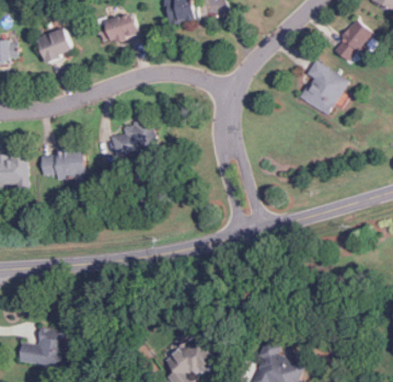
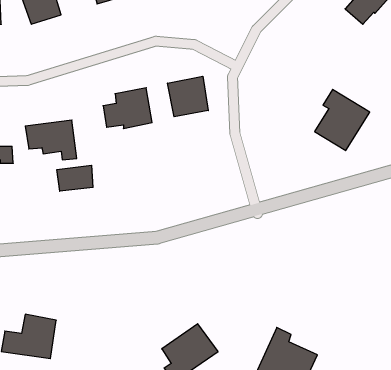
building: [299,59,349,115] -> [315,89,370,151]
building: none -> [168,76,208,117]
building: none -> [57,165,93,191]

